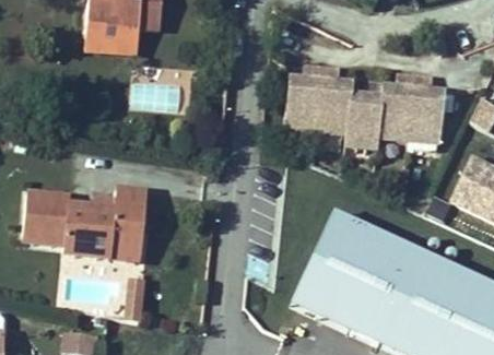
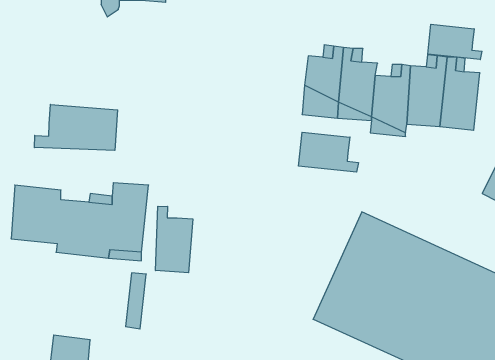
building: none -> [428,24,482,60]
building: none -> [34,104,118,150]
building: none -> [299,132,358,172]
building: none -> [156,206,193,273]

